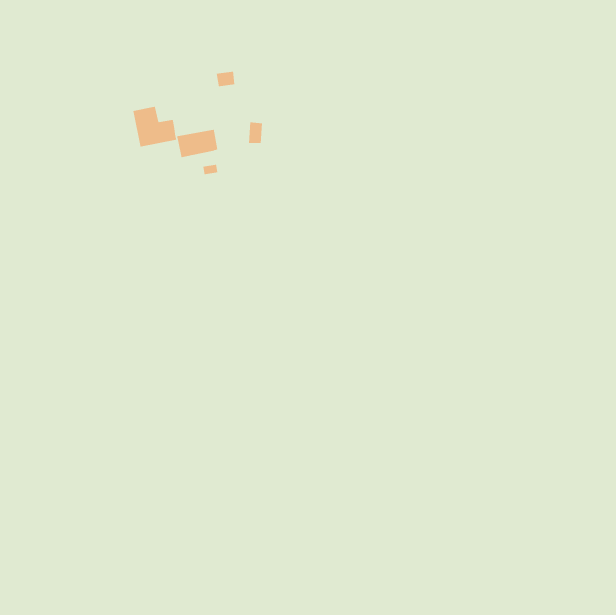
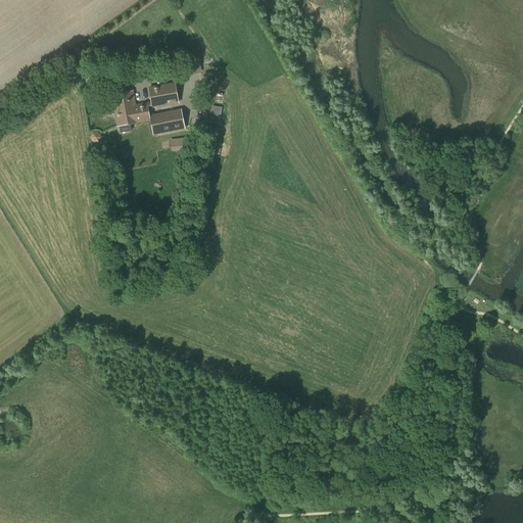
building: none -> [144,83,179,107]

